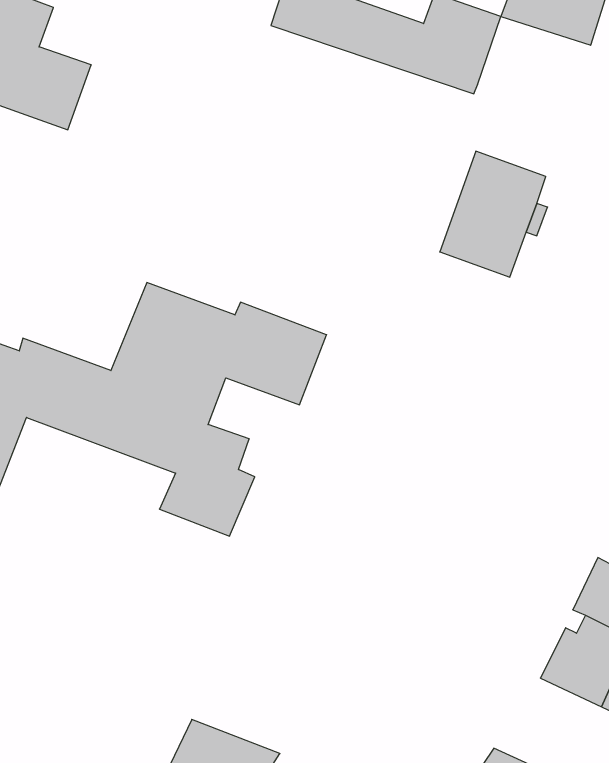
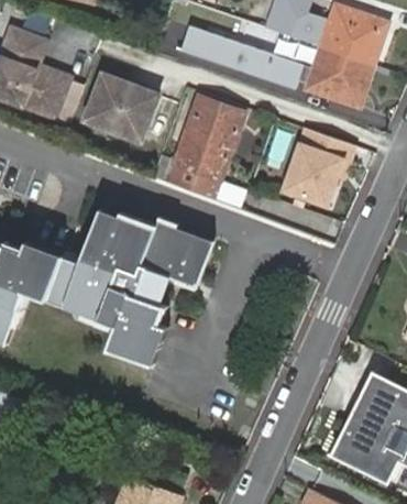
building: none -> [304,45,373,106]
building: none -> [84,73,156,139]
building: none -> [165,96,244,201]

